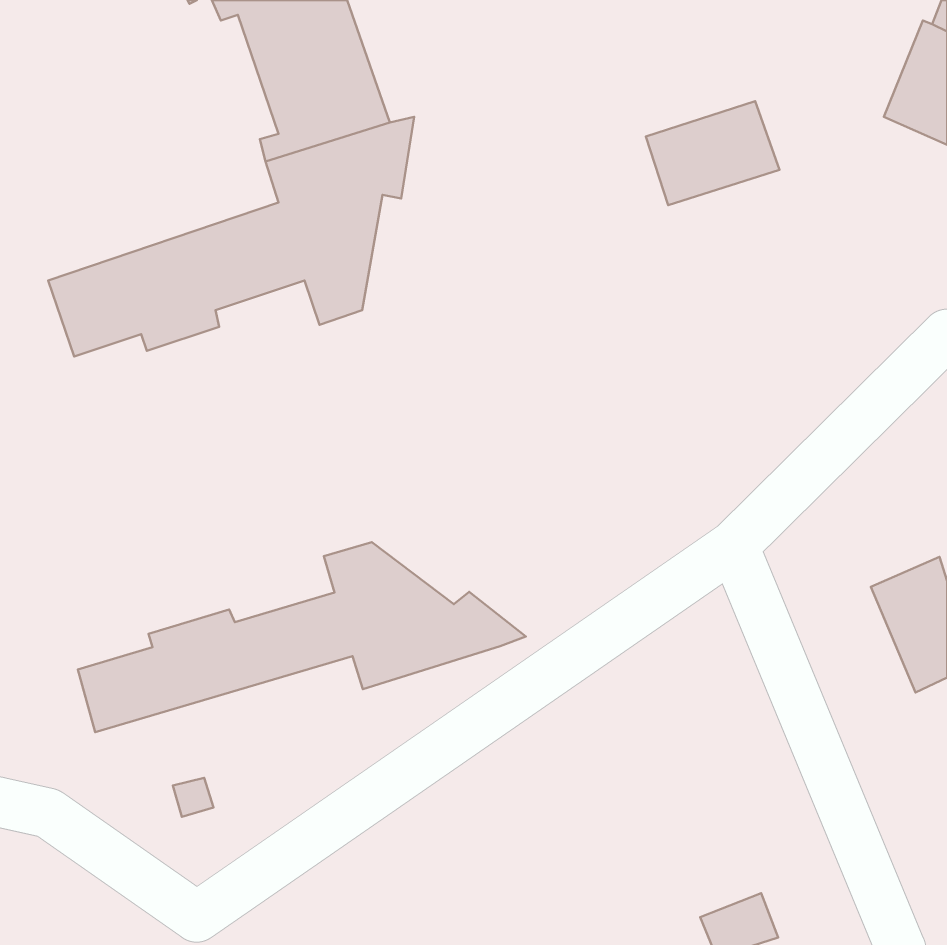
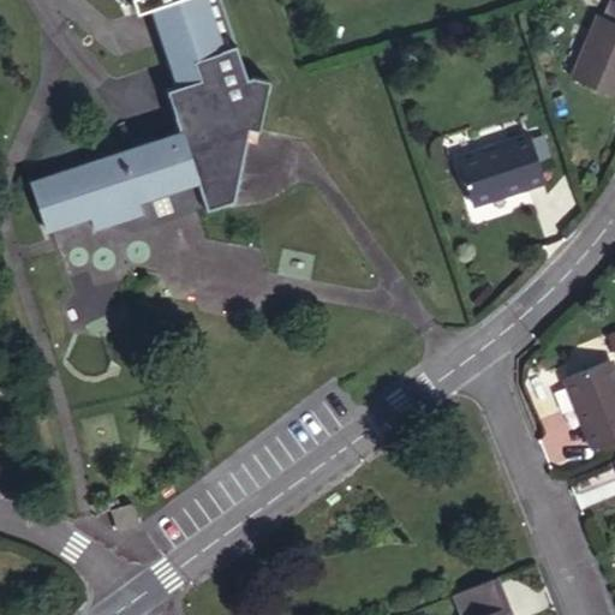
building: [646,101,779,205] -> [458,137,544,204]
building: [78,542,526,732] -> none

